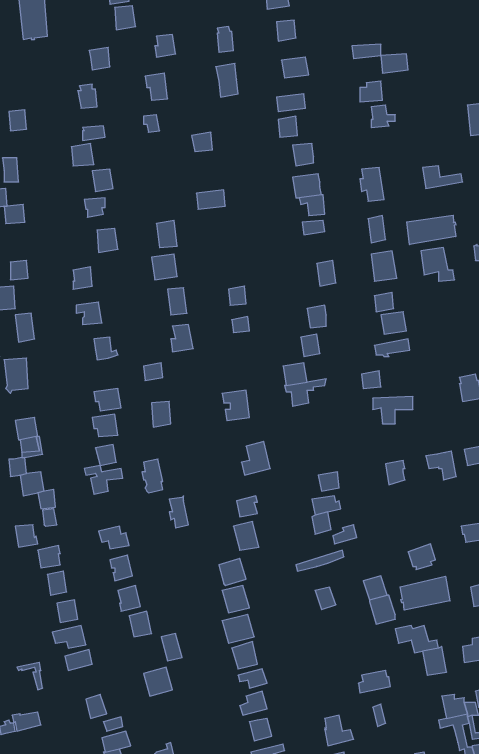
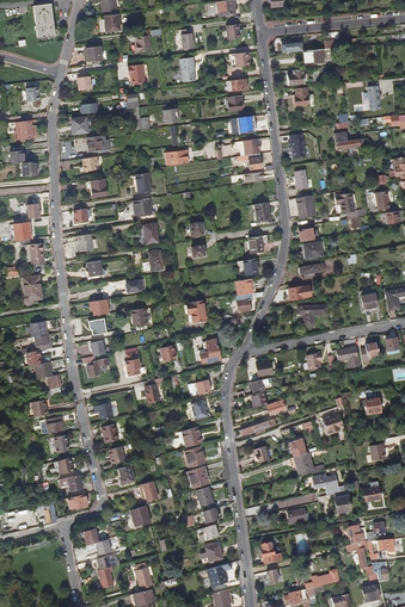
building: [407,215,456,245] -> none
building: [400,576,450,610] -> none

